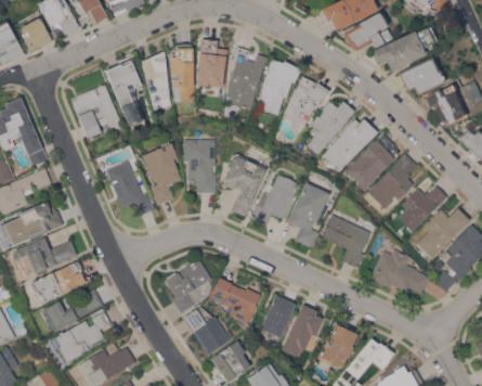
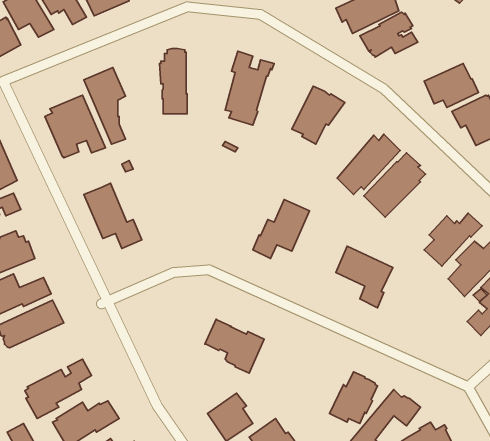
building: [370,26,437,72] -> none
building: [196,39,227,88] -> none
building: [141,51,170,111] -> none
building: [255,60,301,115] -> none
building: [307,101,354,155] -> none
building: [183,140,216,193] -> none
building: [142,143,181,206] -> none
building: [223,154,265,217] -> none
building: [367,154,417,209] -> none
building: [286,183,328,248] -> none
building: [369,249,429,294] -> none
building: [165,259,212,314] -> none
building: [39,290,103,333] -> none
building: [260,295,296,338] -> none
building: [282,305,323,357] -> none
building: [183,307,233,355] -> none

